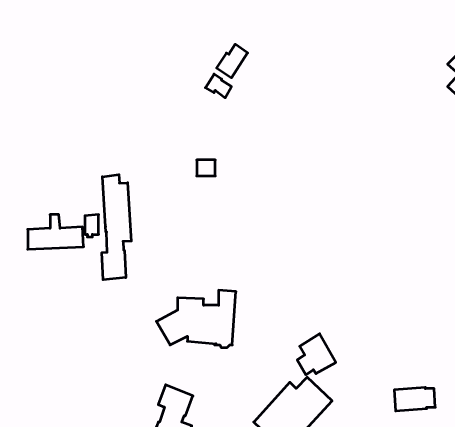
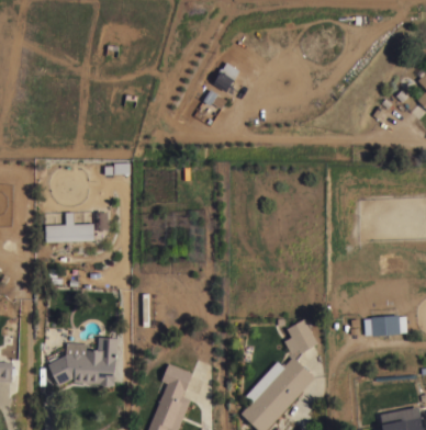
building: [102,175,131,280] -> none
building: [156,290,236,347] -> [47,337,117,387]
building: [394,387,435,411] -> [371,315,407,336]

